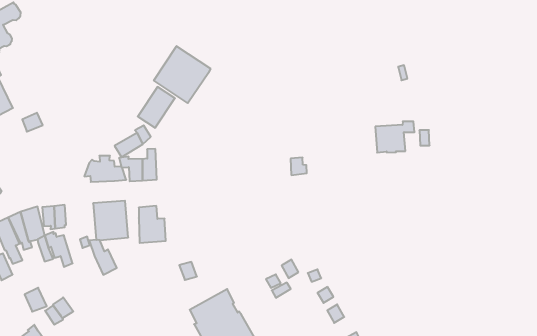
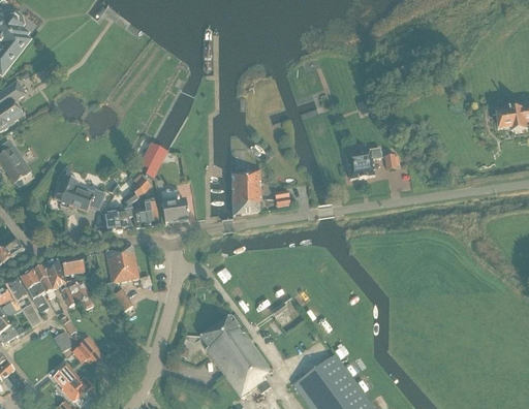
building: [154,46,210,103] -> none
building: none -> [56,175,105,211]
building: none -> [231,168,261,215]
building: [139,206,166,243] -> [161,189,188,223]

